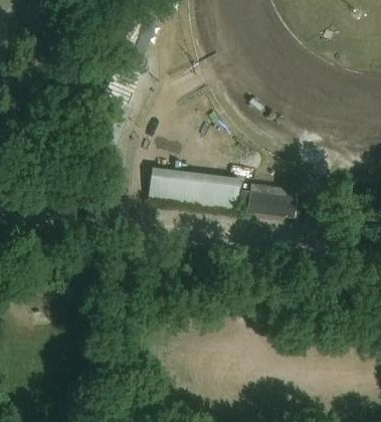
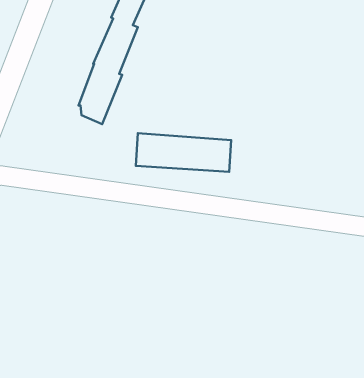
building: [239,187,305,220] -> none

